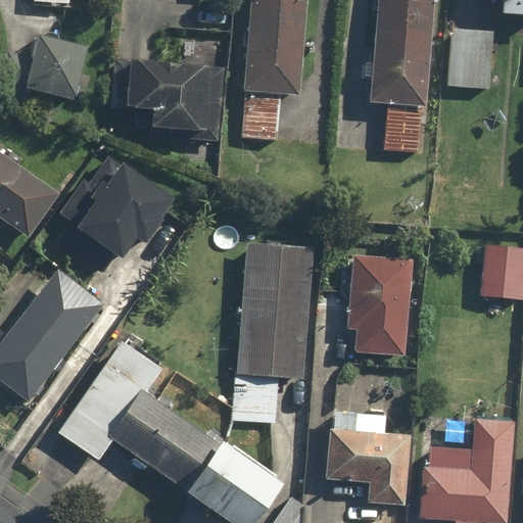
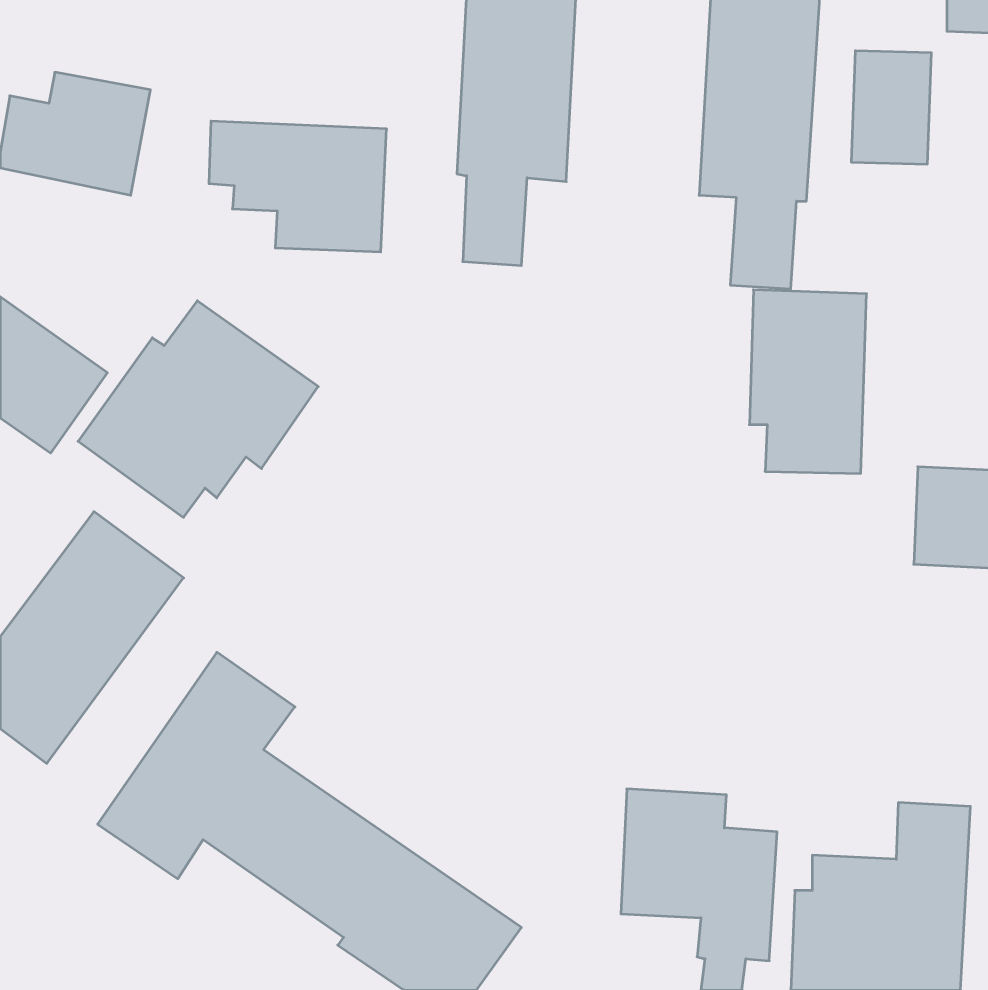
building: [236,243,314,421] -> none
building: [349,256,411,352] -> [749,290,867,473]

